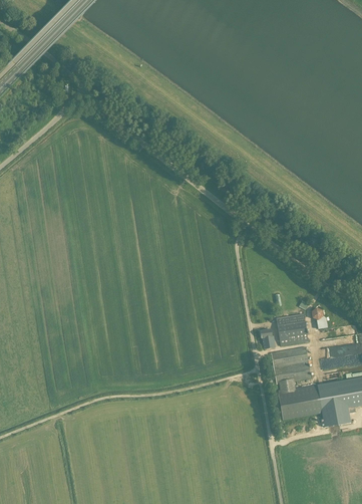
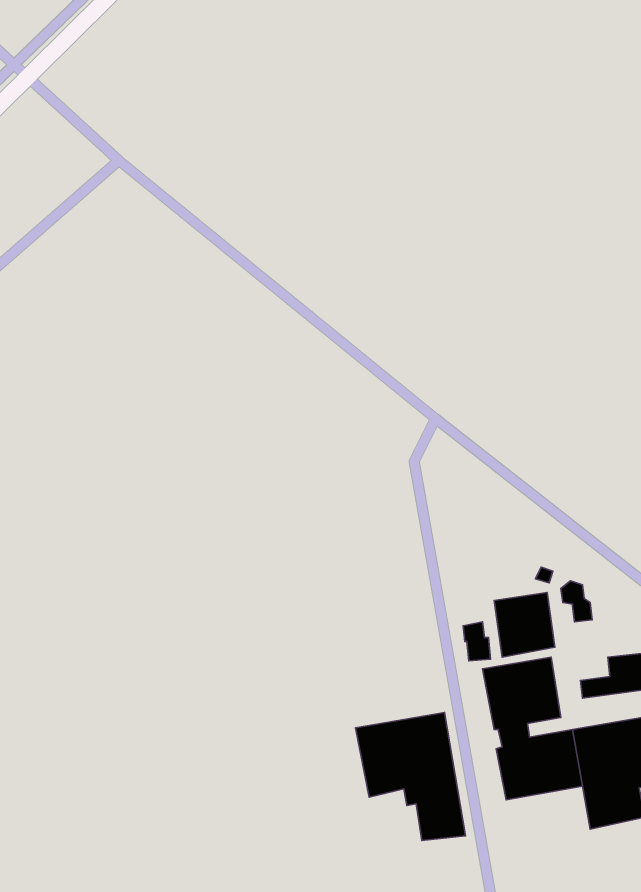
building: none -> [356,713,465,840]

